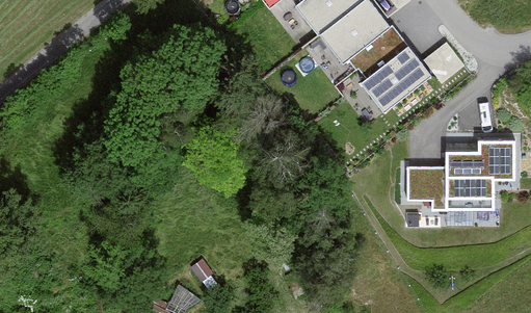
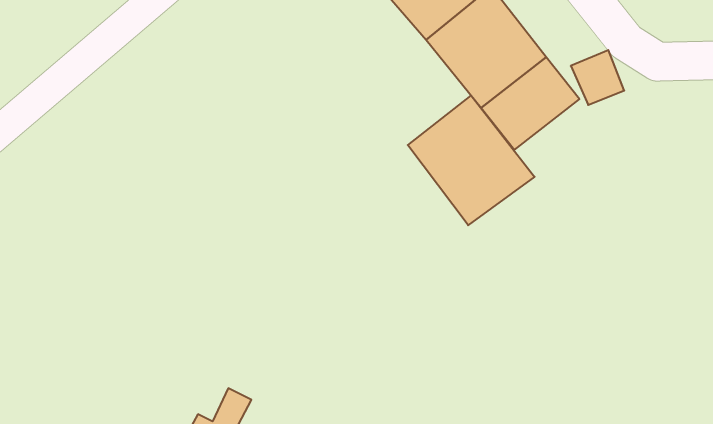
building: none -> [408,96,535,225]
building: [407,140,513,211] -> none

